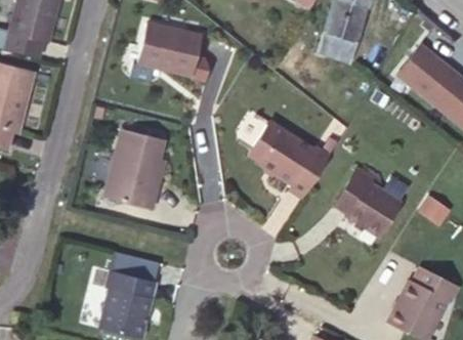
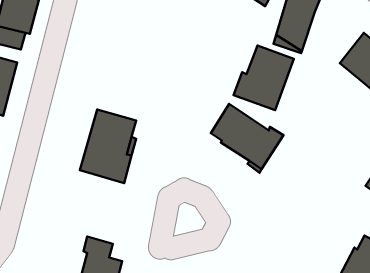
building: [138,19,204,77] -> none
building: none -> [233,46,294,110]
building: [333,165,401,235] -> none

